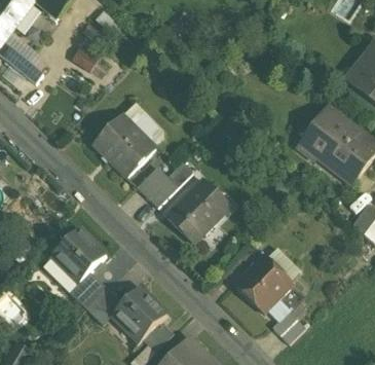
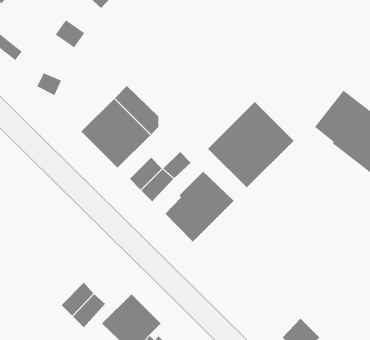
building: none -> [207,101,295,188]
building: [50,228,105,282] -> none
building: [233,254,292,313] -> none

